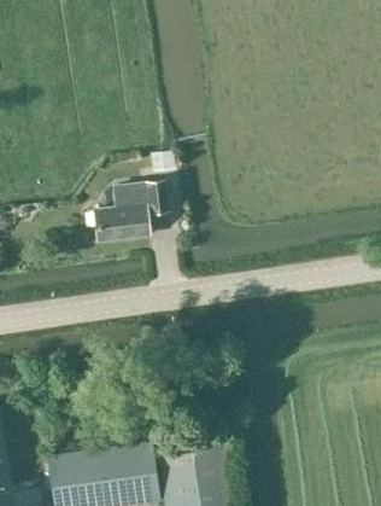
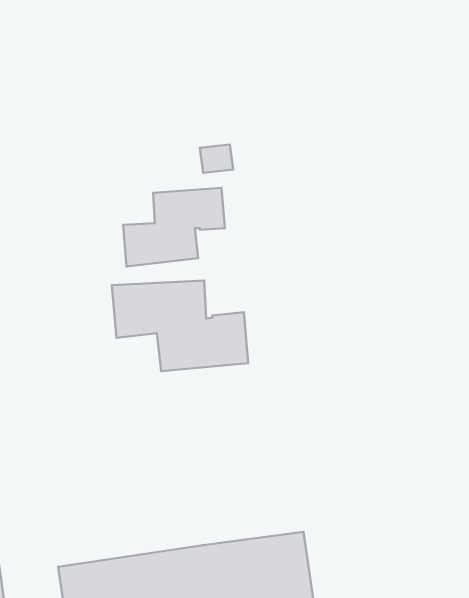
building: none -> [112,280,248,371]

